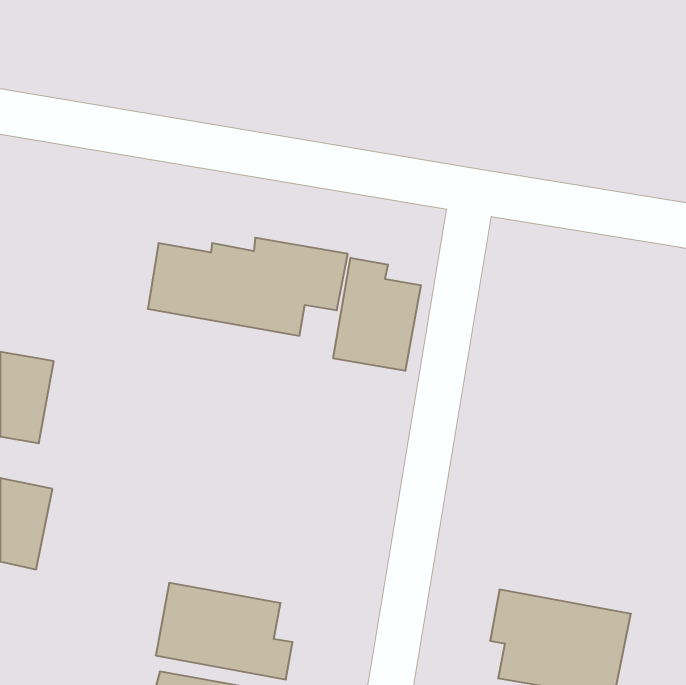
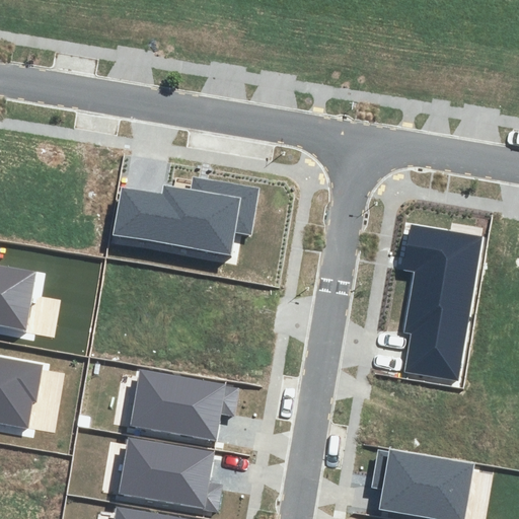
building: [333,258,421,371] -> none
building: none -> [402,225,478,378]
building: none -> [133,371,241,442]

